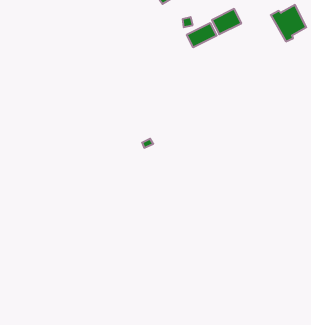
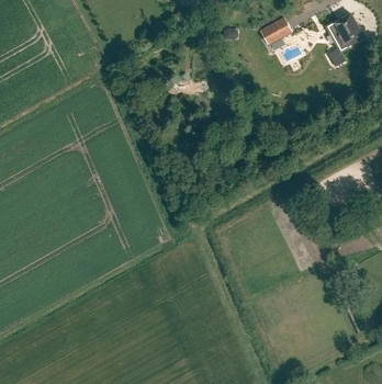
building: [187,23,217,47] -> none

